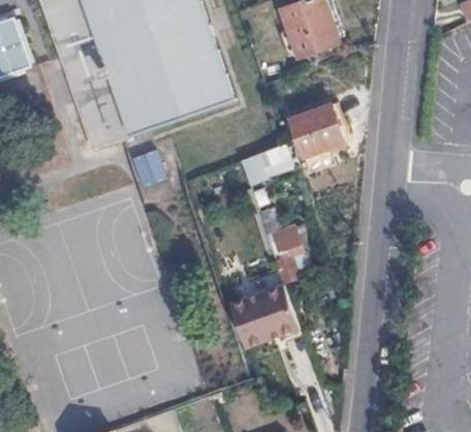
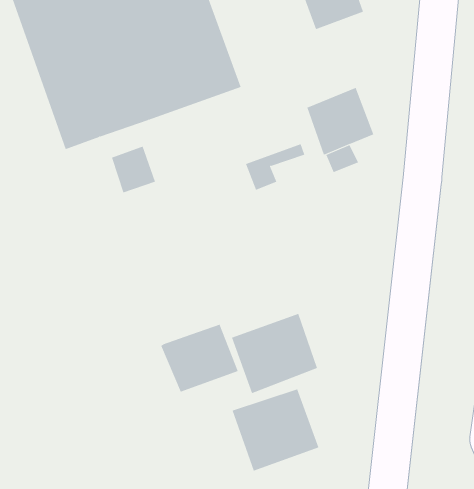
building: [266,224,302,280] -> none
building: none -> [161,324,239,392]
building: none -> [232,388,319,471]

